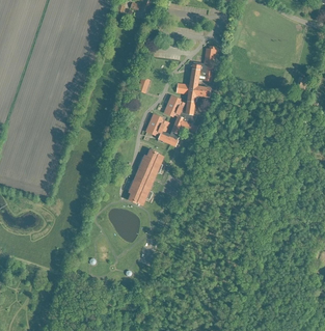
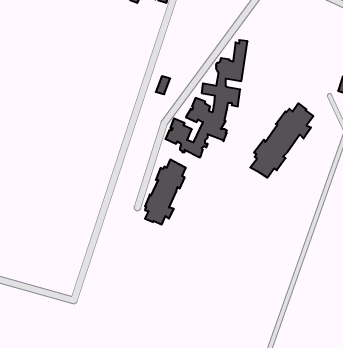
building: none -> [250,103,313,178]

